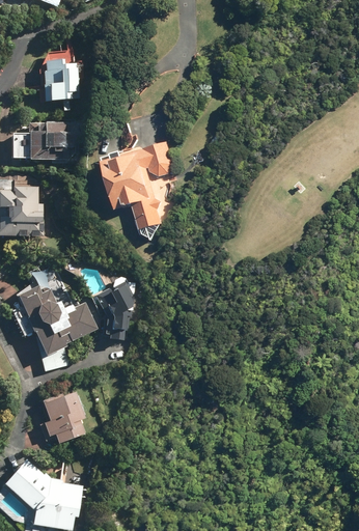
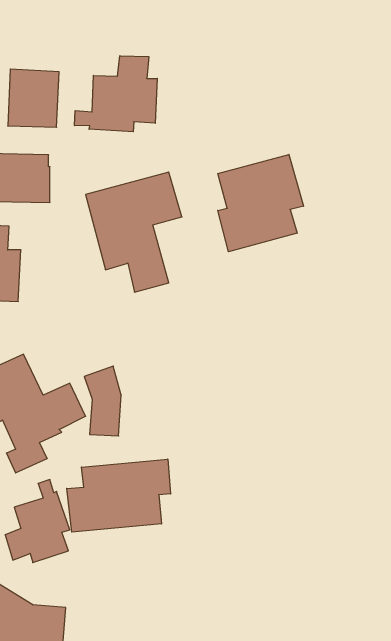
building: none -> [75,56,157,132]
building: none -> [218,154,304,252]
building: none -> [67,459,171,532]

